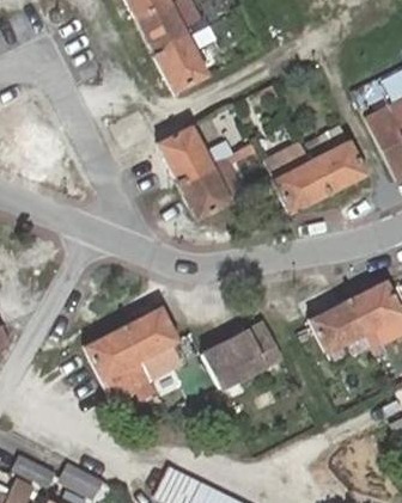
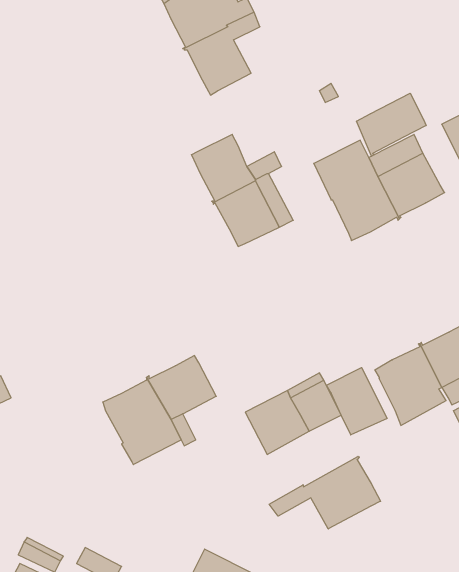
building: none -> [357,93,426,156]
building: none -> [326,368,387,435]
building: none -> [269,456,381,529]

